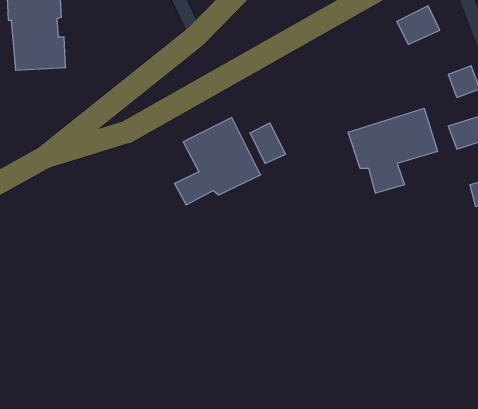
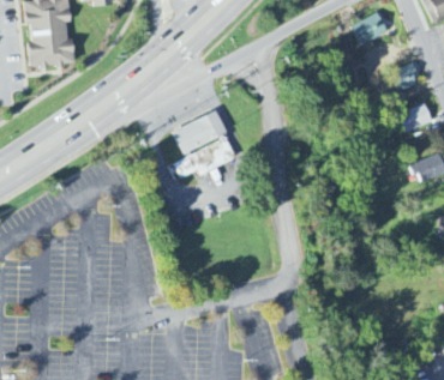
building: [348,108,438,193] -> none
building: [250,123,286,163] -> none

